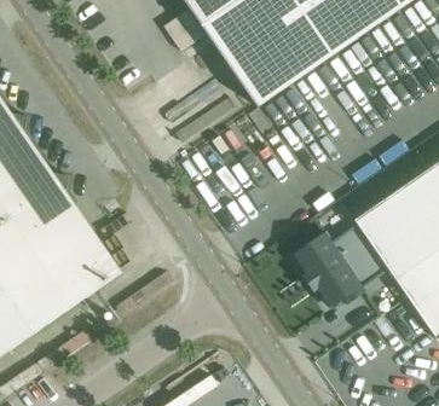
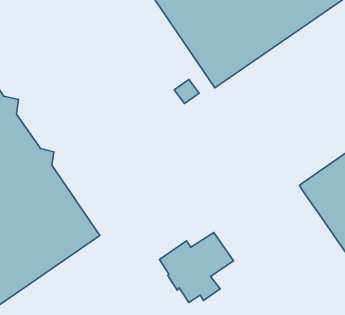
building: [295,224,381,304] -> [159,232,234,303]

